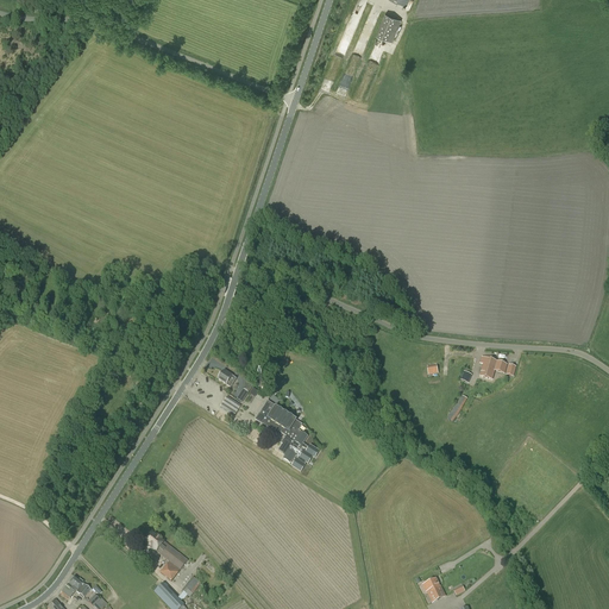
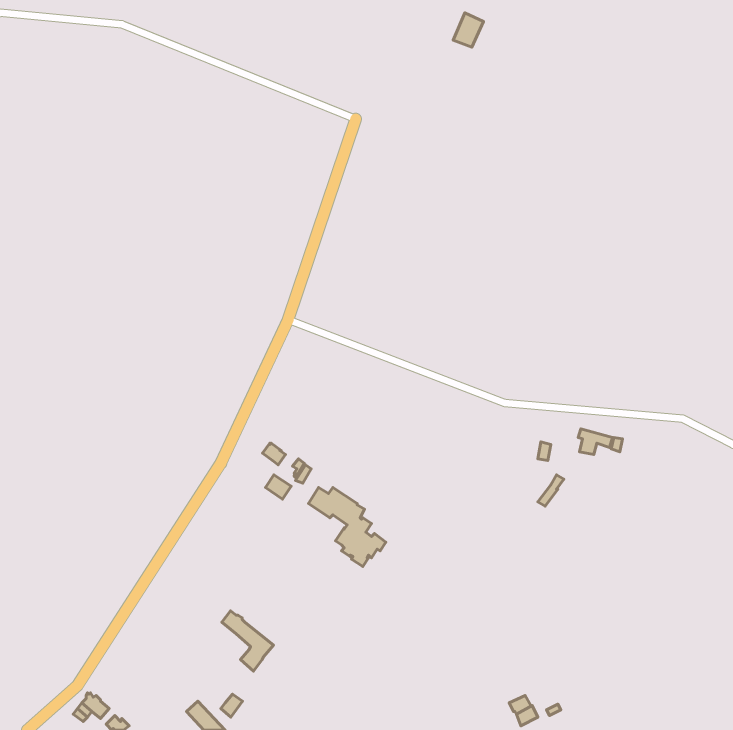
building: [145,530,188,580] -> [222,611,274,671]

